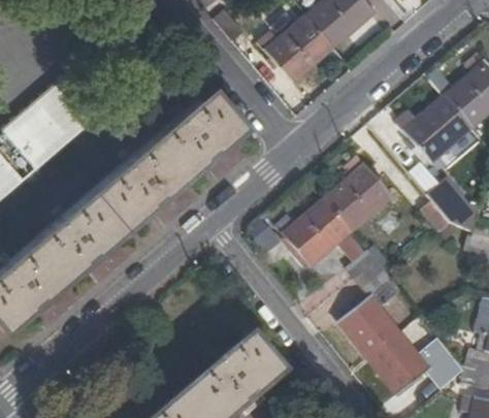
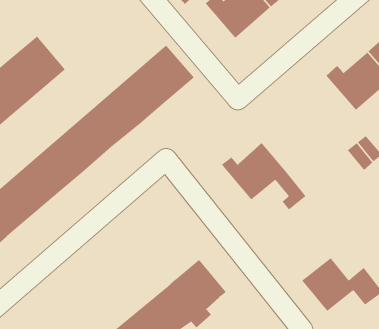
building: [324,157,393,233] -> none
building: [339,262,403,359] -> none

